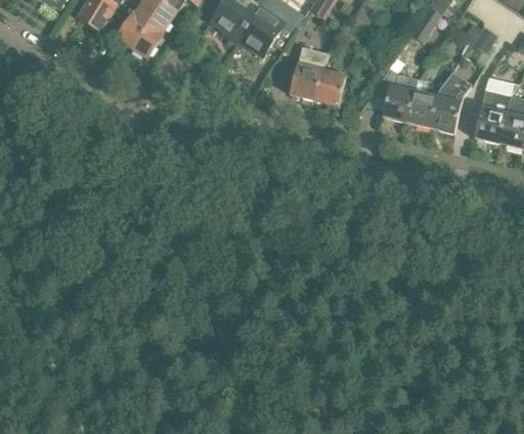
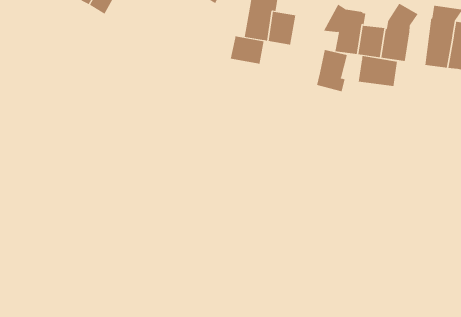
building: none -> [230,35,264,65]
building: none -> [316,49,347,92]
building: none -> [358,55,398,87]

